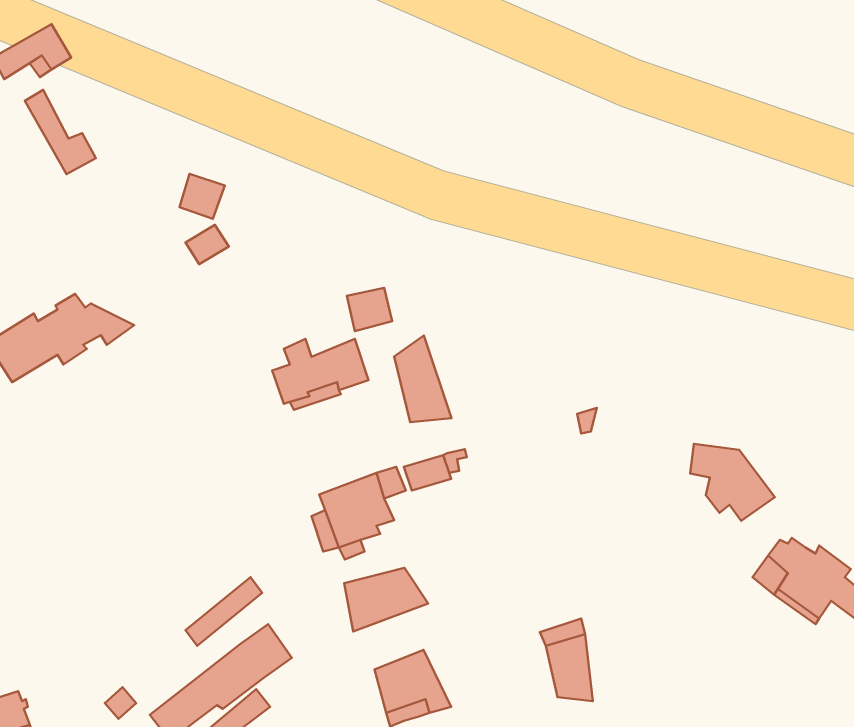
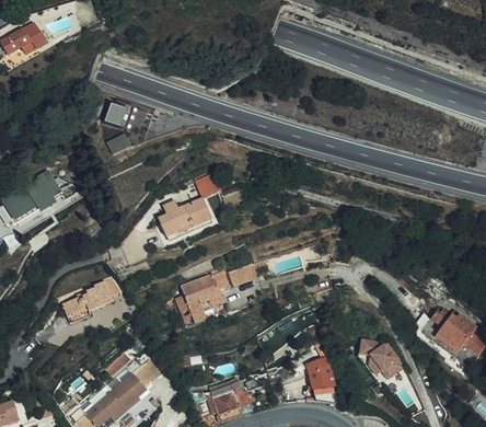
building: [25,90,96,174] -> none
building: [394,336,451,422] -> none
building: [690,444,775,521] -> [359,341,406,383]
building: none -> [62,281,112,321]
building: [344,568,428,631] -> none

